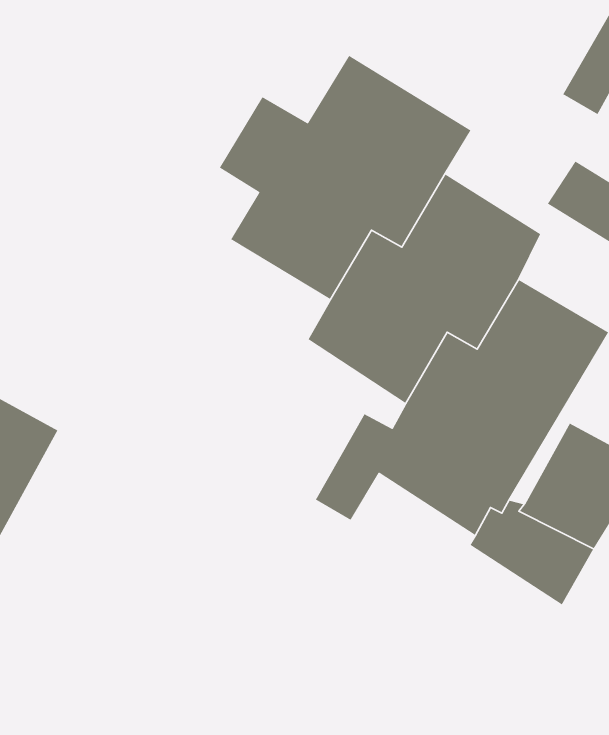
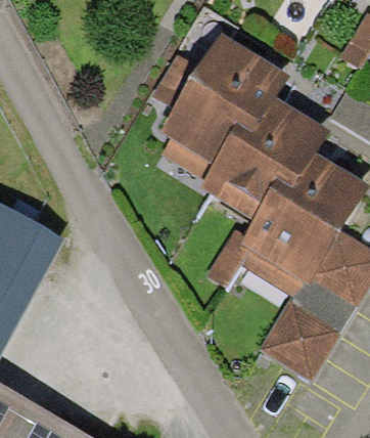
building: none -> [260,303,339,381]

